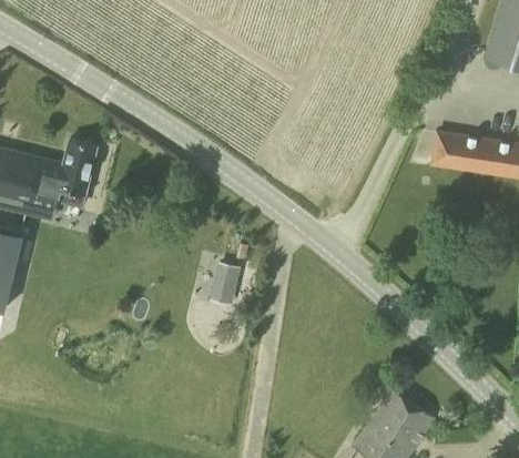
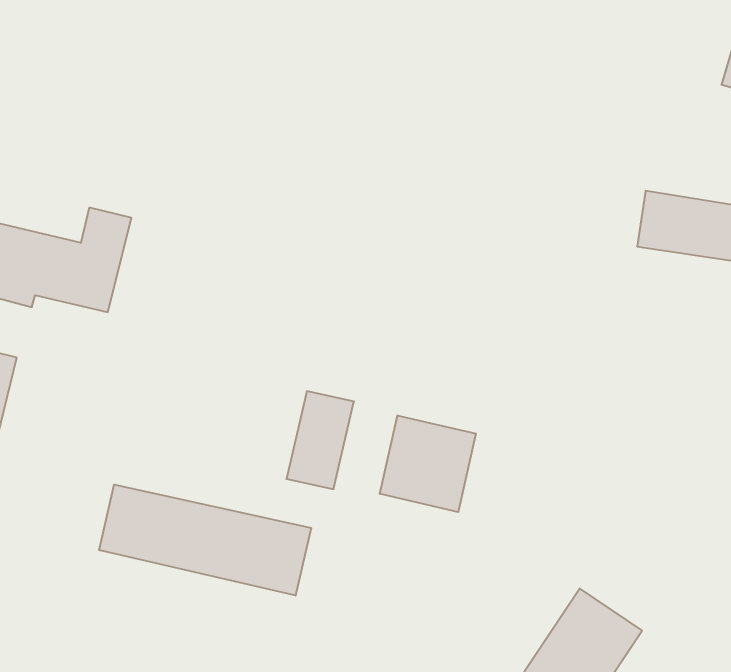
building: none -> [380,415,476,512]
building: none -> [99,485,311,596]

